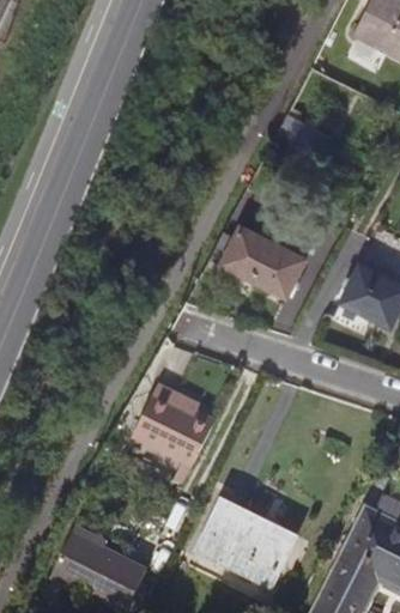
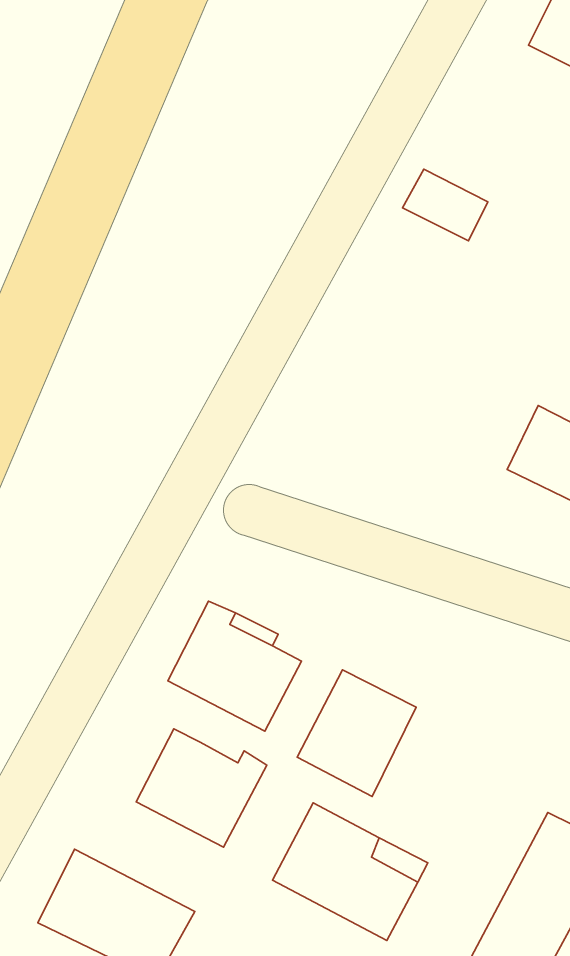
building: [226,224,309,296] -> none
building: none -> [297,670,416,797]
building: none -> [136,729,267,847]

